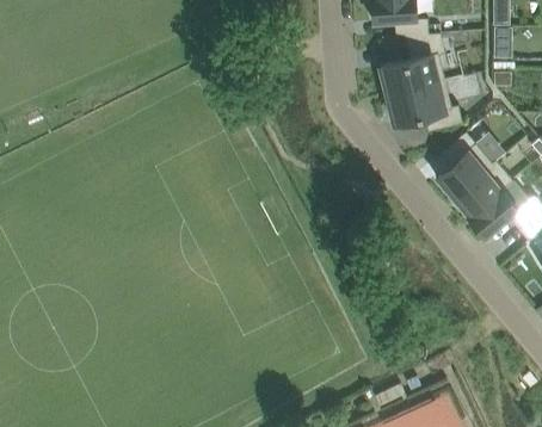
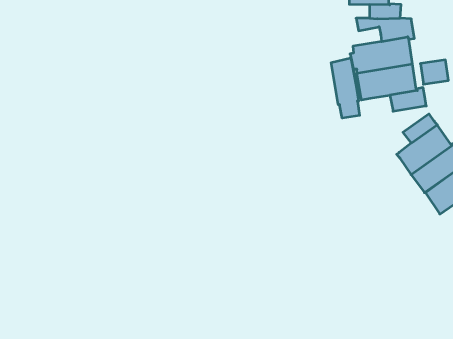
building: none -> [331,58,360,118]

